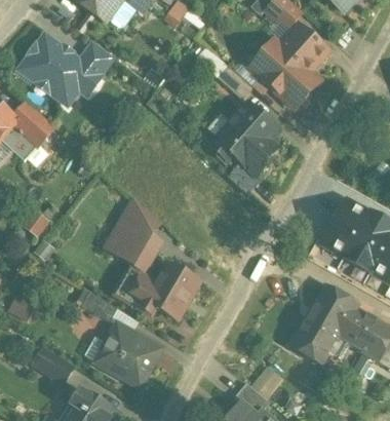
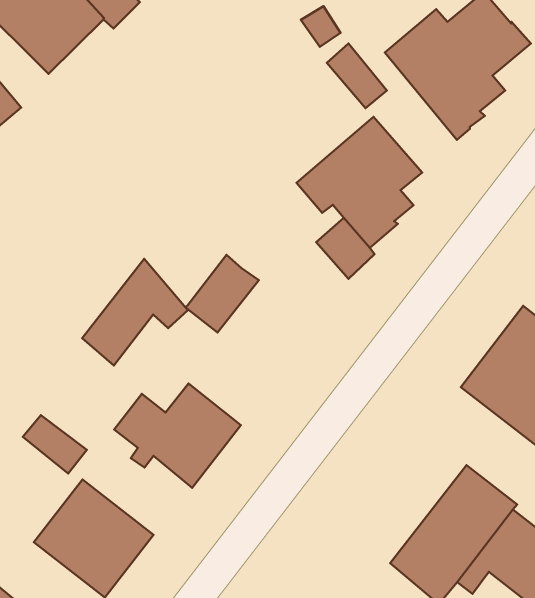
building: [124,228,162,271] -> [185,255,259,333]

